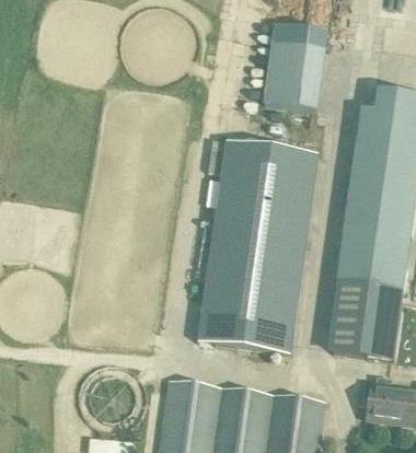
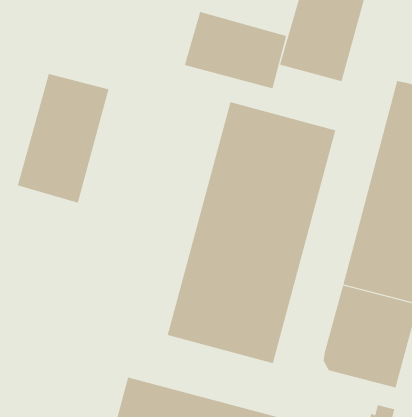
building: none -> [184,11,287,89]
building: none -> [17,73,109,204]

